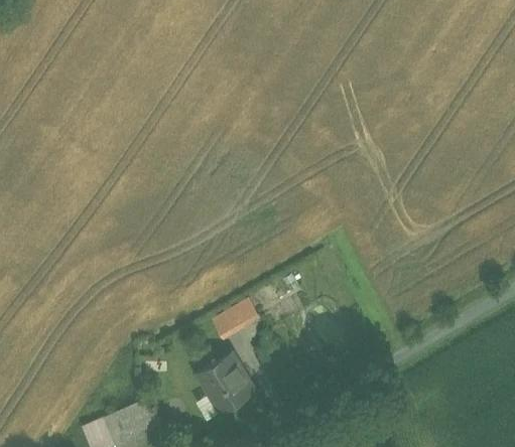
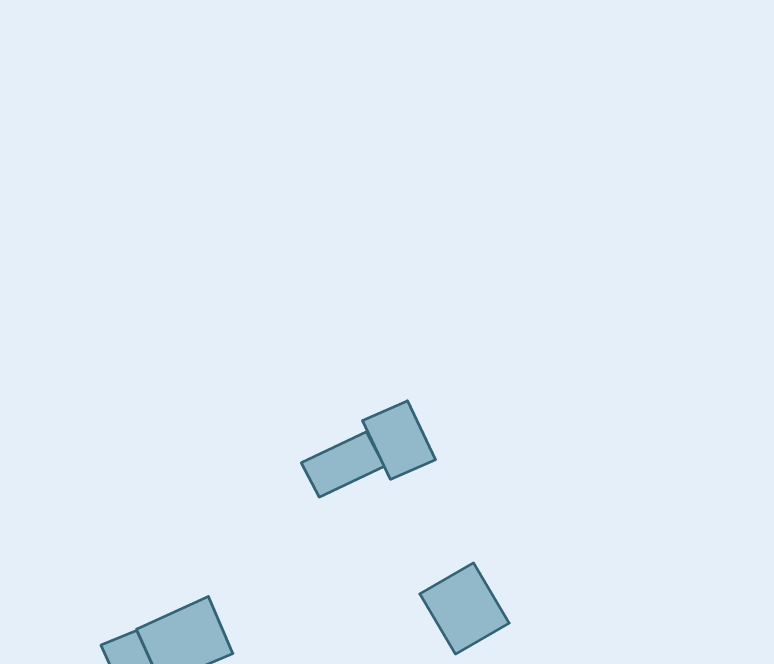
building: none -> [363,401,435,479]
building: [198,355,253,412] -> [420,563,509,654]

